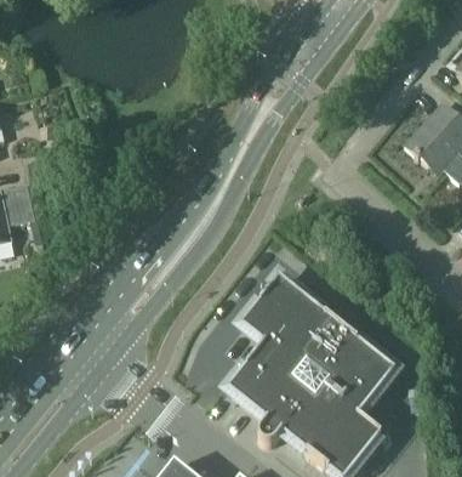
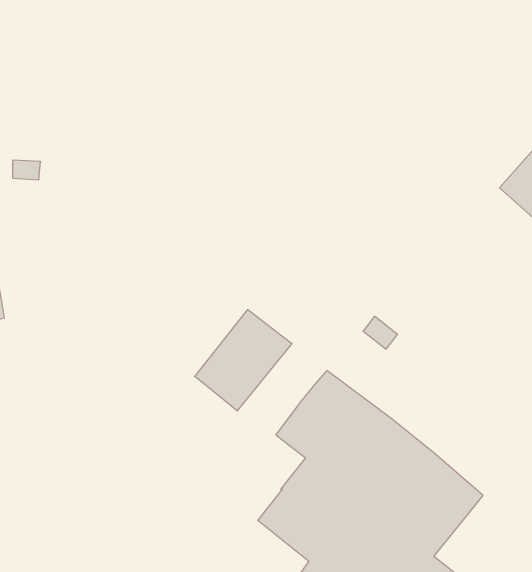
building: none -> [195,310,292,411]

